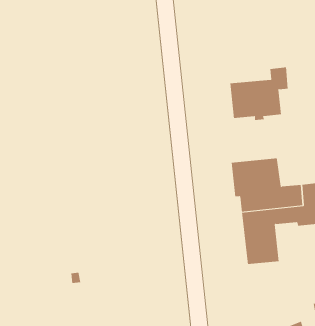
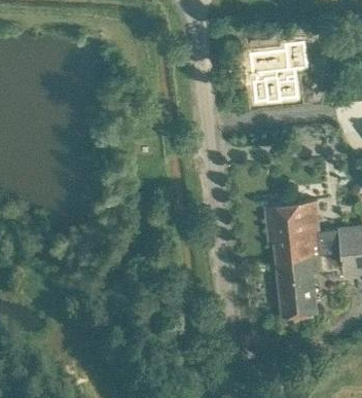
building: [230,67,289,120] -> [251,41,315,99]

